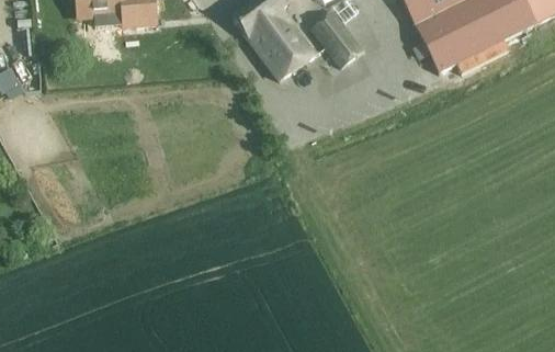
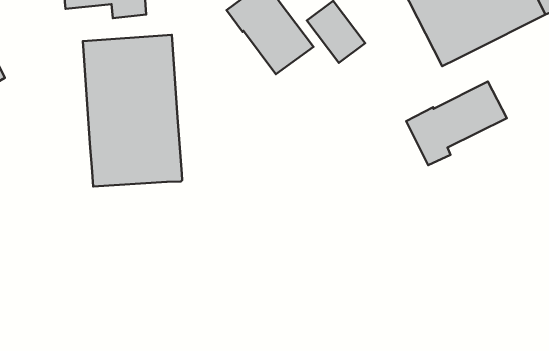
building: none -> [83,35,182,187]
building: none -> [406,81,507,165]

